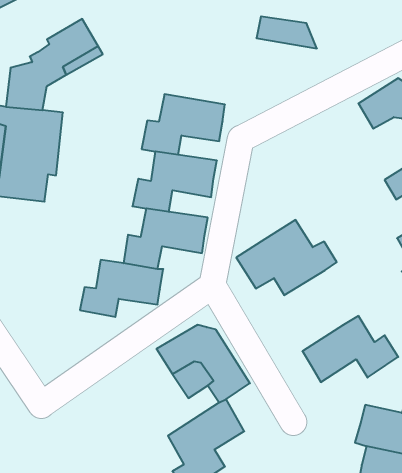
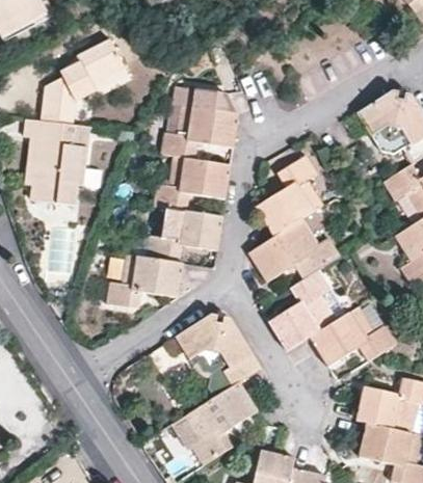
building: [256,16,317,48] -> [183,84,238,113]
building: none -> [256,156,322,236]
building: none -> [269,264,346,351]

